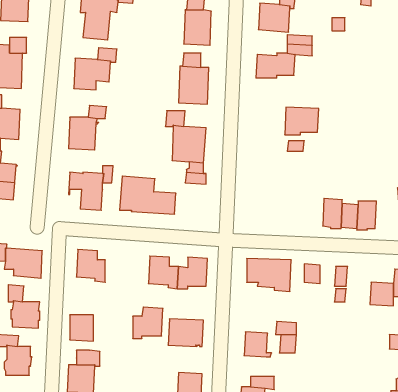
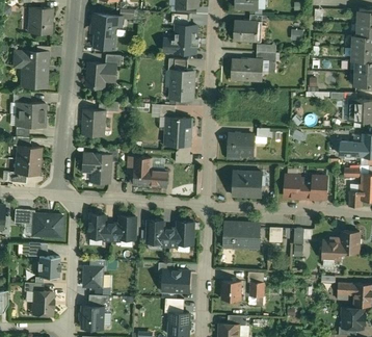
building: [285,107,319,135] -> [227,134,254,156]
building: none -> [232,172,261,197]
building: [133,307,163,338] -> [111,216,135,241]

